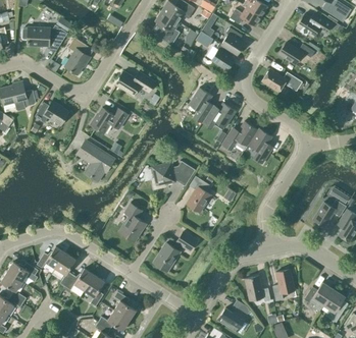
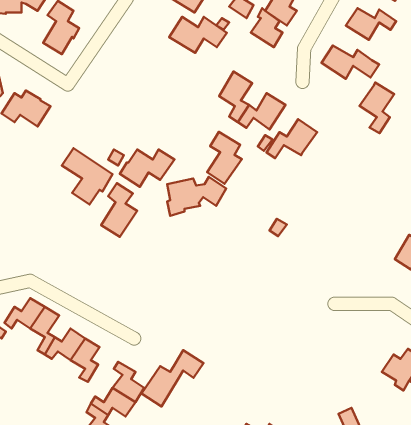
building: [114,70,155,96] -> [169,17,227,53]
building: [90,107,129,133] -> [120,149,174,187]
building: [248,127,272,163] -> [359,83,394,133]
building: [187,175,211,212] -> [207,132,242,184]
building: [119,203,145,240] -> [101,183,137,237]
building: [153,231,197,271] -> [141,350,203,407]
building: [272,269,295,300] -> none
building: [245,275,270,300] -> none
building: [217,300,250,331] -> none

